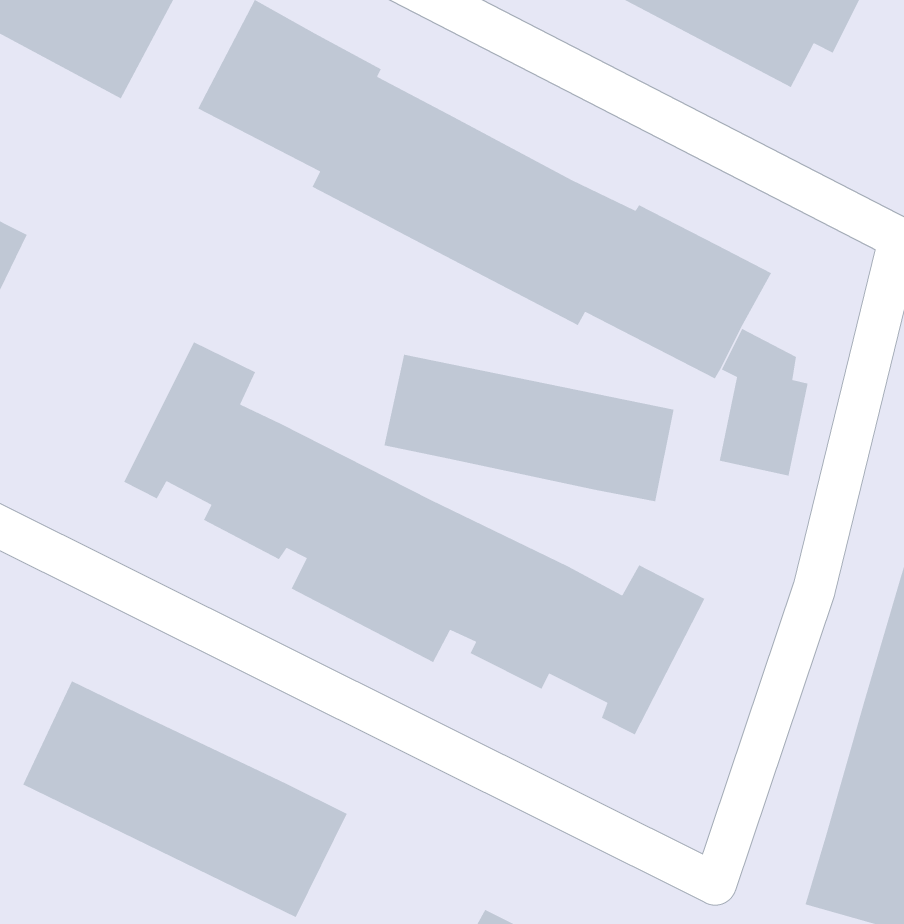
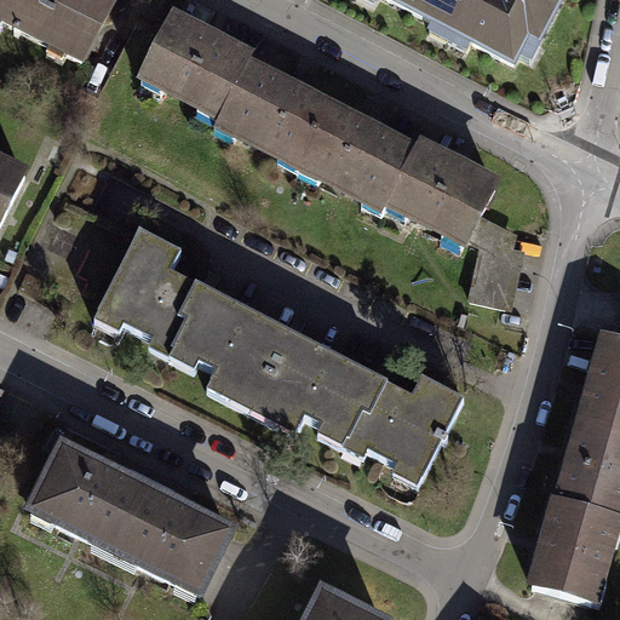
building: [384,354,674,502] -> none

